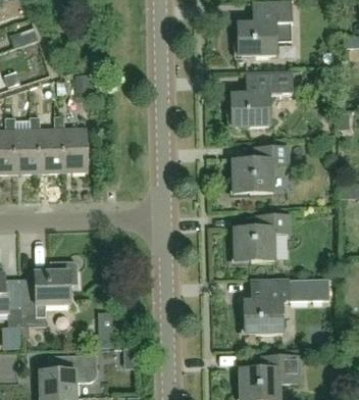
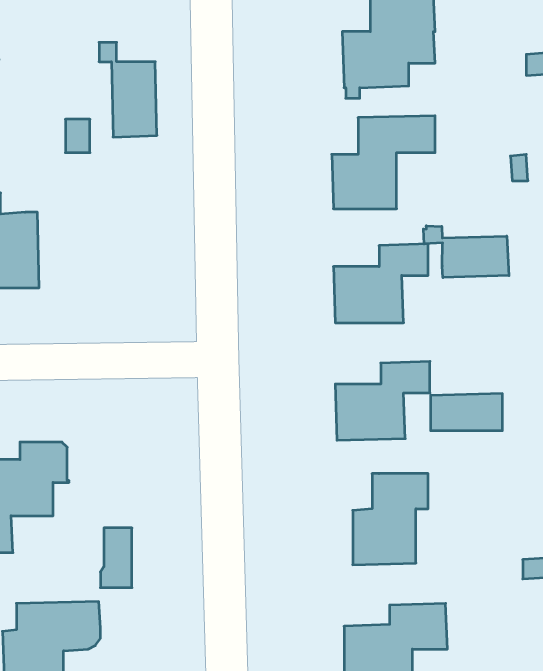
building: [52,116,86,171] -> [99,42,157,137]
building: none -> [423,226,509,278]
building: [287,279,328,300] -> [431,394,502,431]

